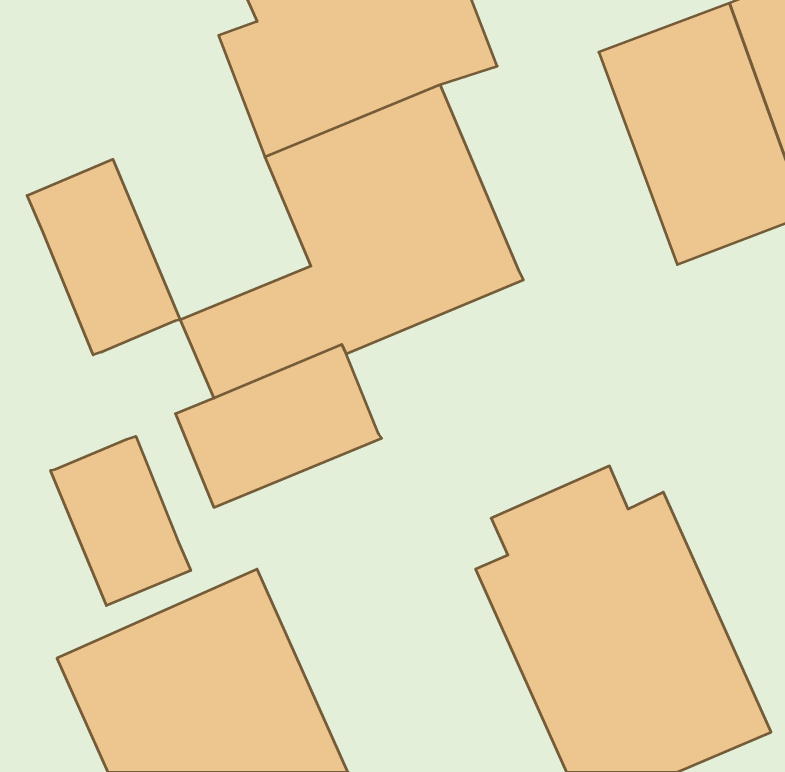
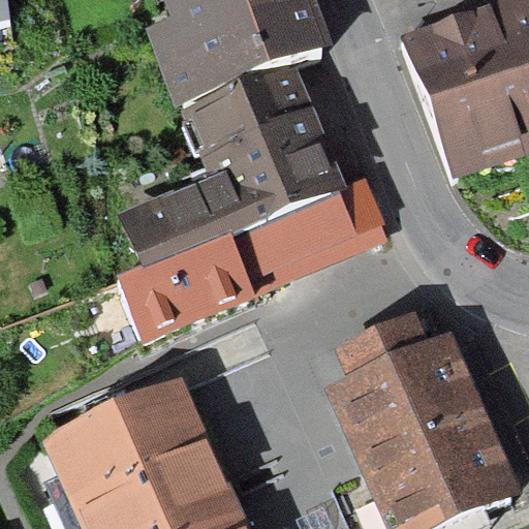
building: [27,159,180,355] -> none
building: none -> [234,175,390,291]
building: [51,436,191,606] -> none

